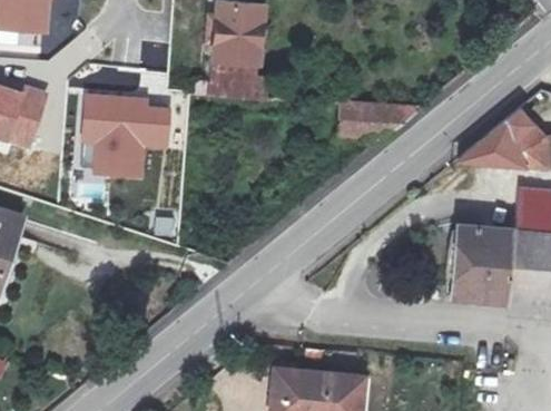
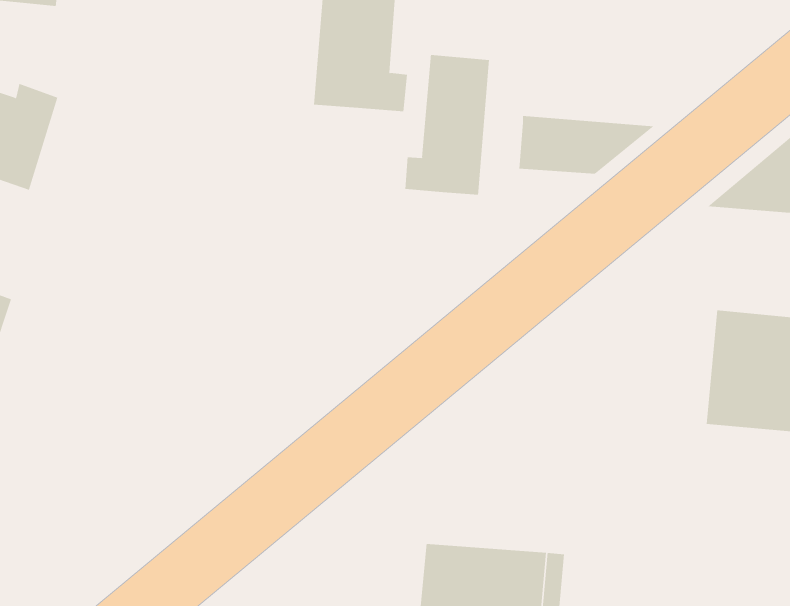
building: none -> [405,54,490,196]
building: [79,91,170,179] -> none

